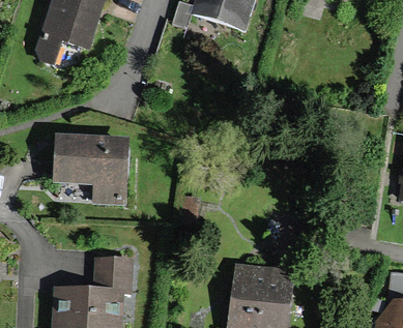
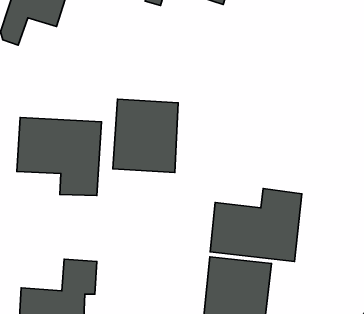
building: none -> [113,99,178,172]
building: none -> [210,189,302,261]

